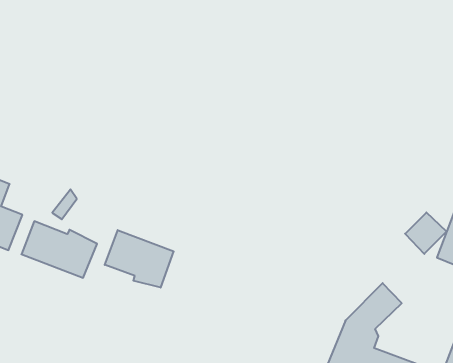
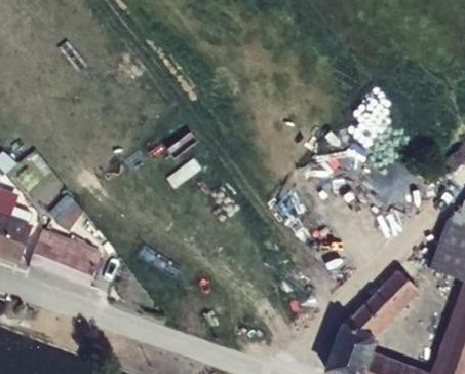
building: [405,212,447,254] -> [378,270,418,310]
building: [105,230,174,288] -> none

